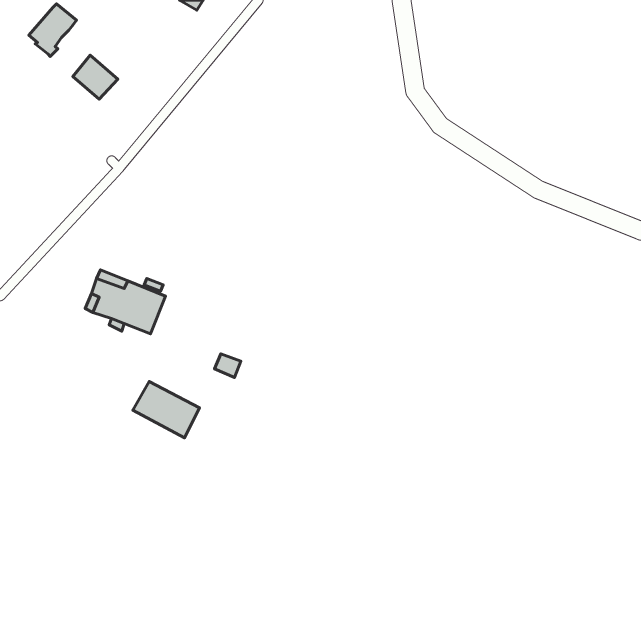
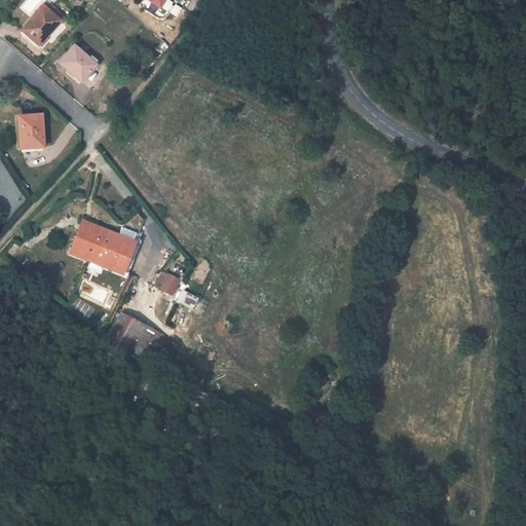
building: none -> [18,115,43,147]
building: none -> [153,271,180,296]

